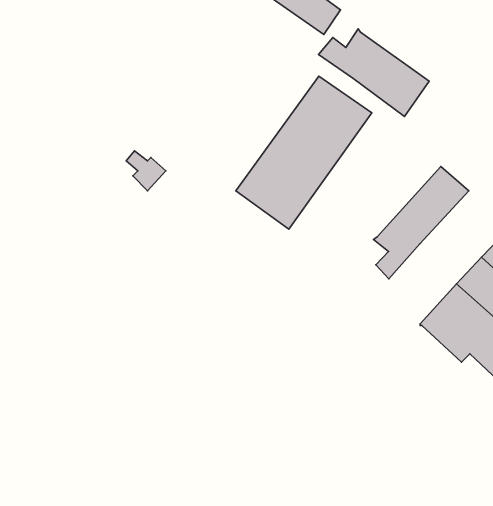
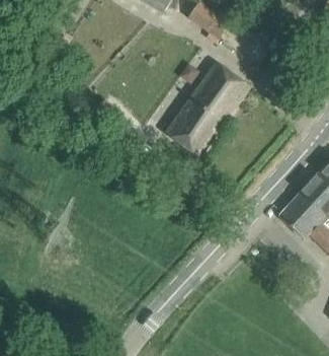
building: [319,29,429,116] -> none
building: [374,166,469,279] -> none

